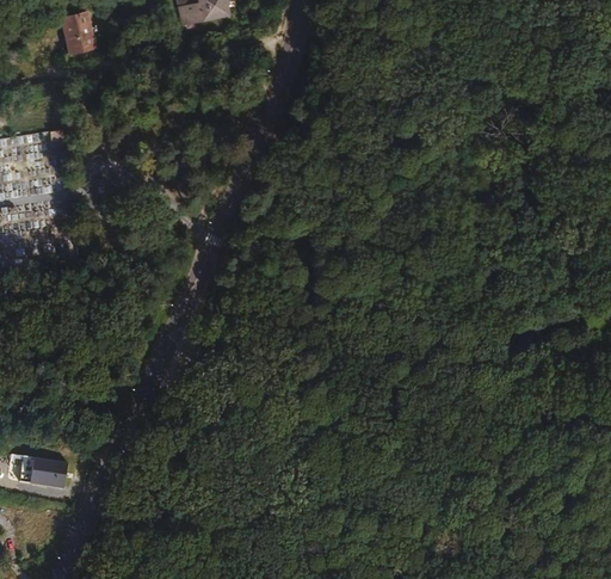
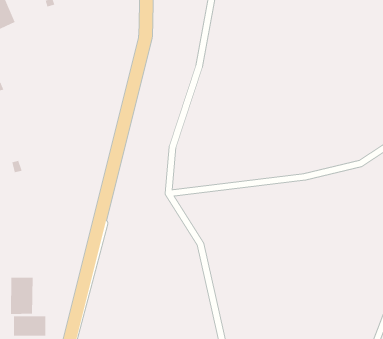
building: none -> [10,277,33,315]

